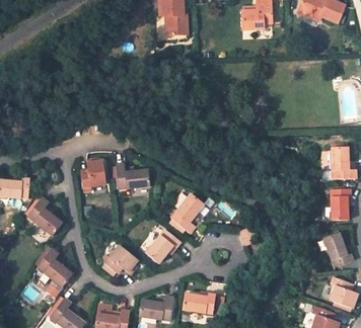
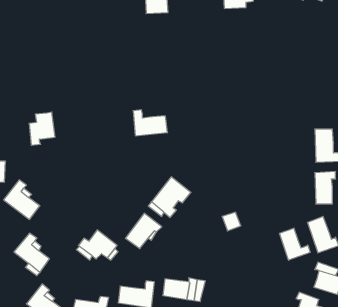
building: [80,160,105,192] -> [29,112,55,145]
building: [116,164,149,189] -> [133,110,168,136]
building: none -> [279,228,310,260]

